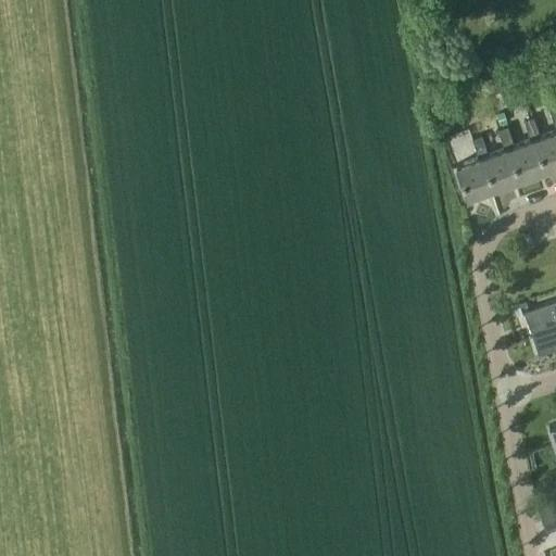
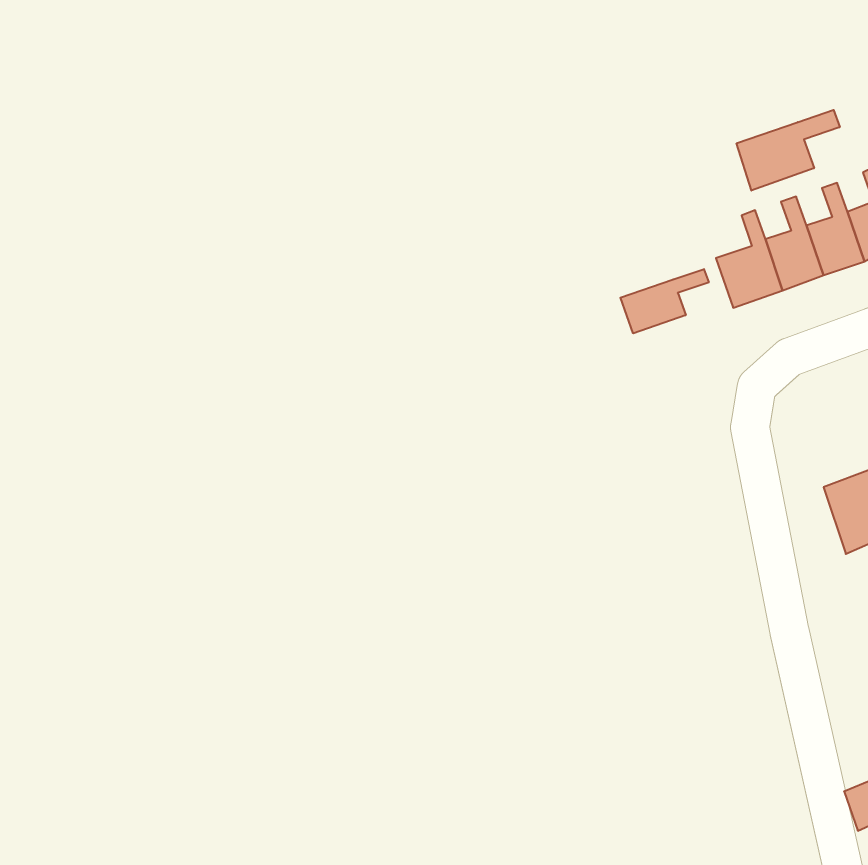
building: none -> [737,110,840,191]
building: none -> [620,269,709,333]

